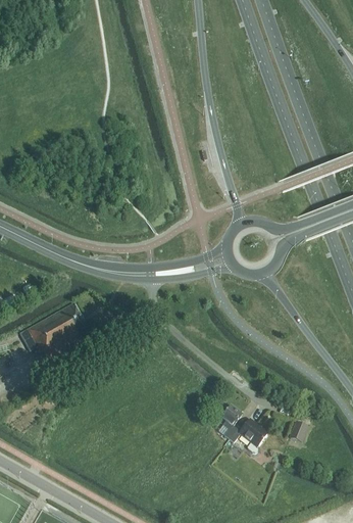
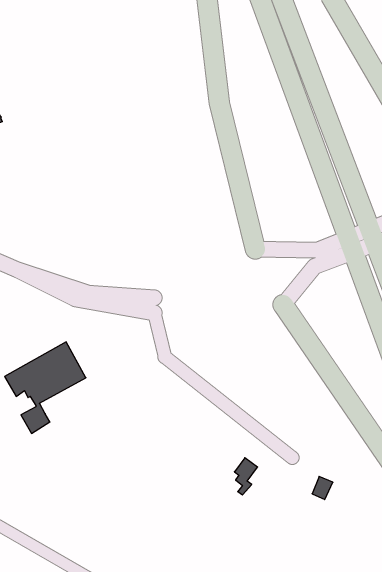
building: [228,418,266,451] -> none

